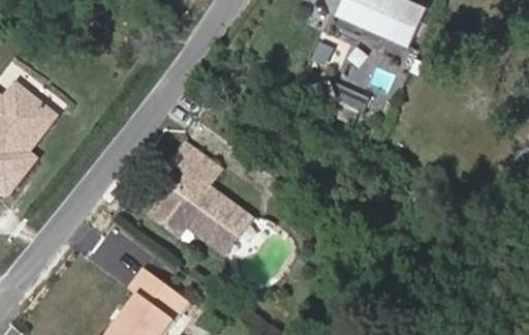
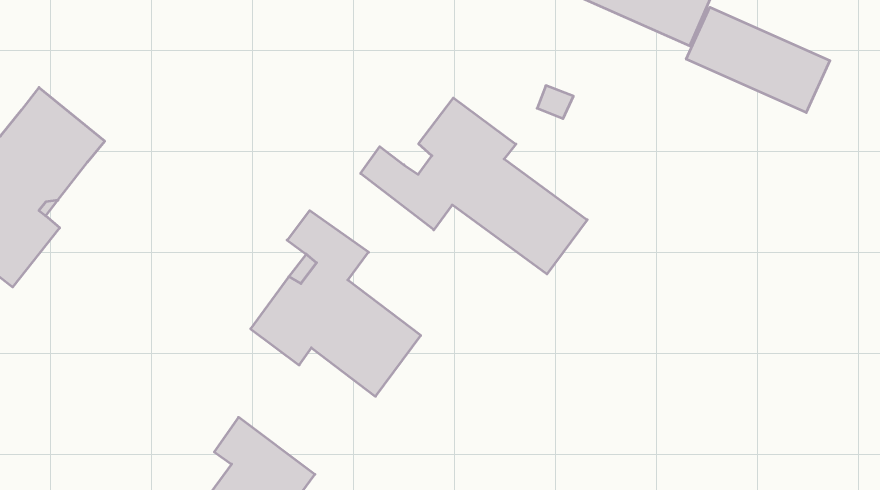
building: none -> [686,7,830,113]
building: none -> [361,98,587,274]

